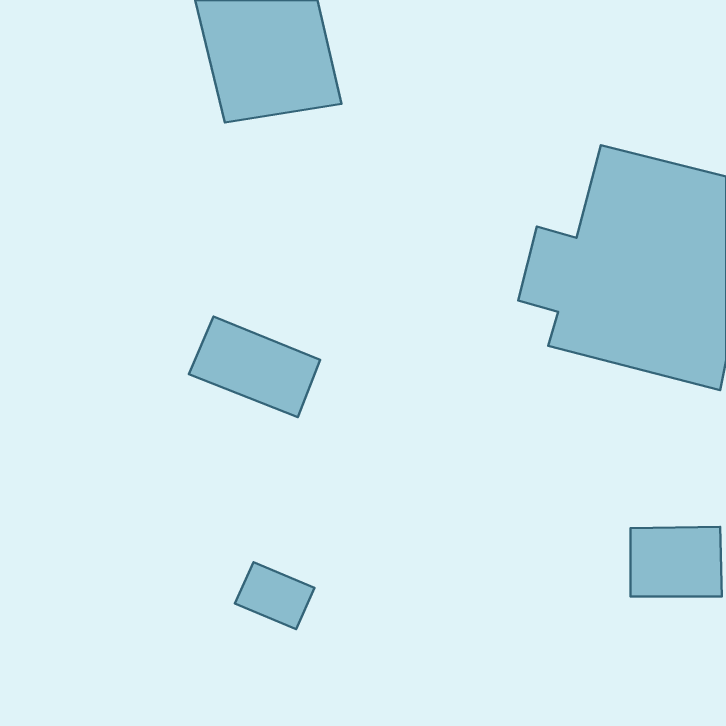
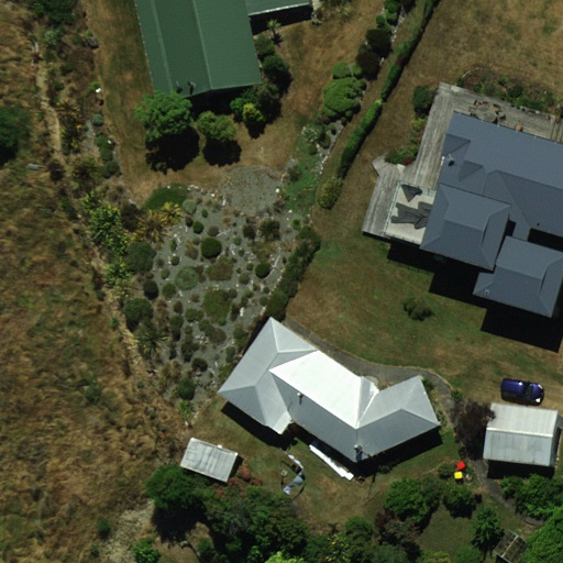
building: [189,316,320,417] -> none
building: none -> [221,321,433,466]

